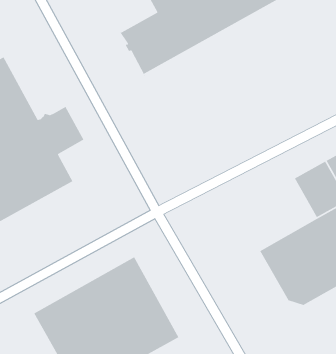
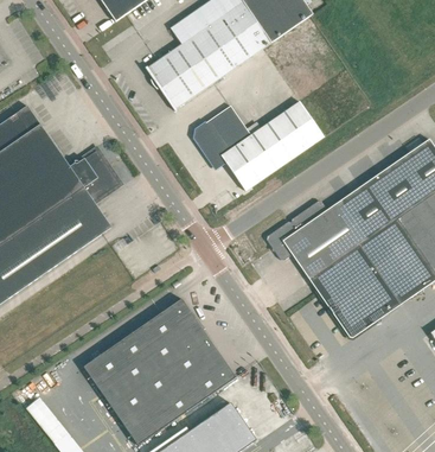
building: none -> [194,101,330,191]
building: none -> [267,200,365,280]

